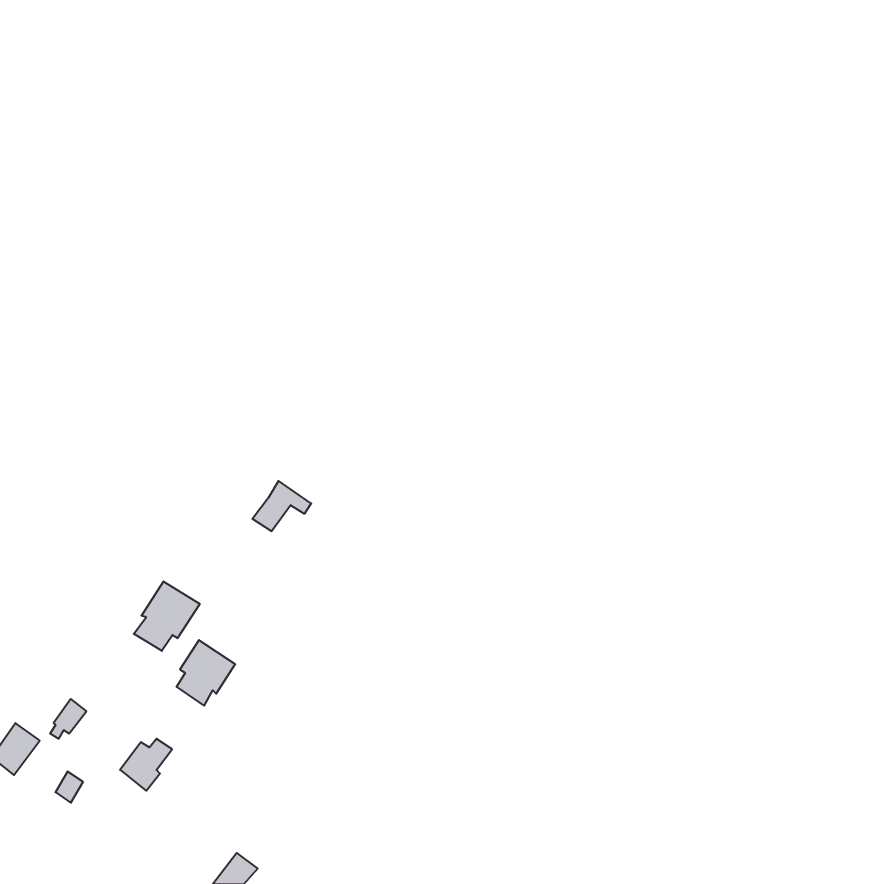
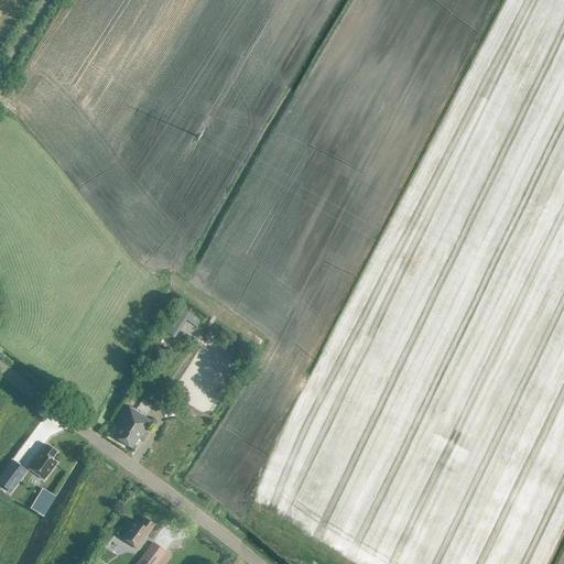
building: [134,581,200,651] -> none
building: [120,739,172,791] -> [120,519,153,552]

